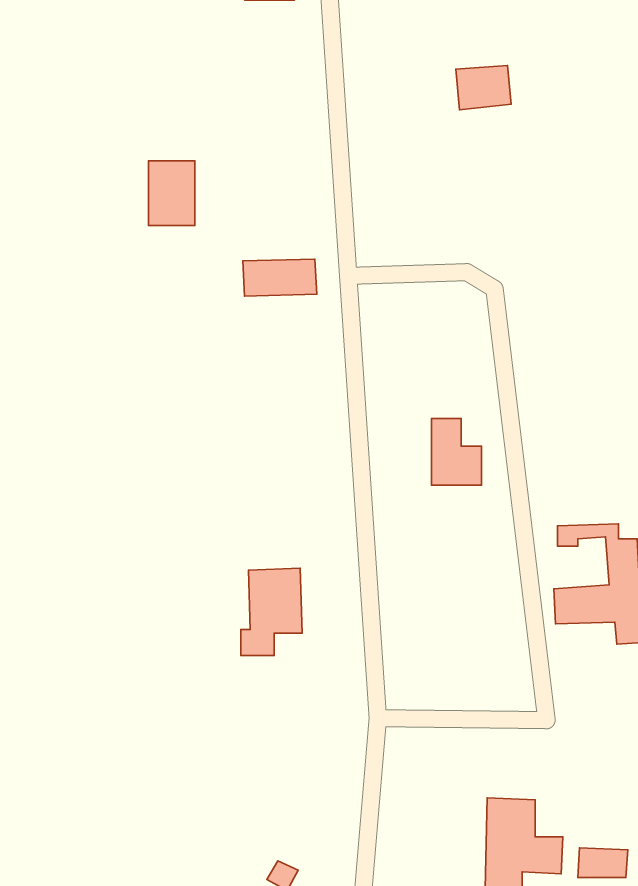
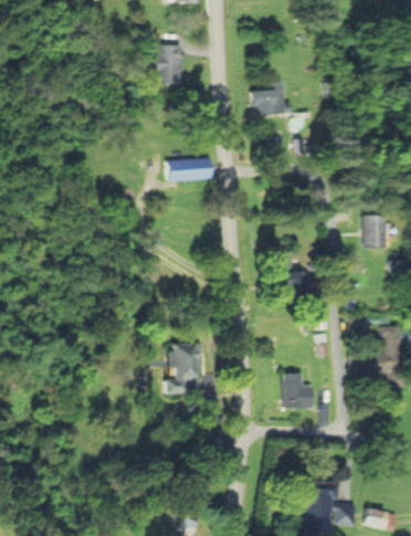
building: [456,65,511,110] -> [251,88,284,115]
building: [148,161,195,226] -> [155,44,182,83]
building: none -> [362,214,384,246]
building: none -> [284,374,315,409]

